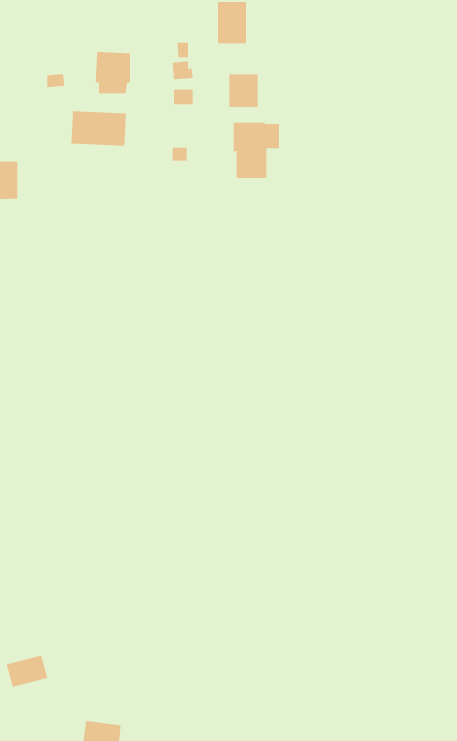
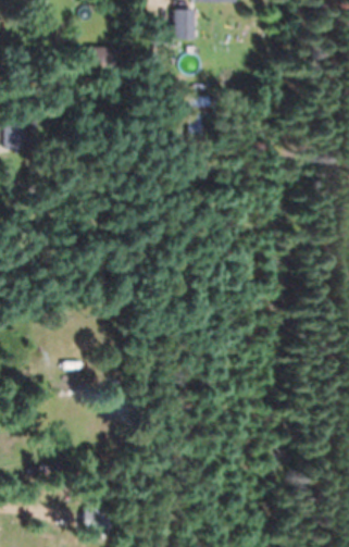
building: [229,73,258,108] -> none
building: [71,110,126,146] -> none

